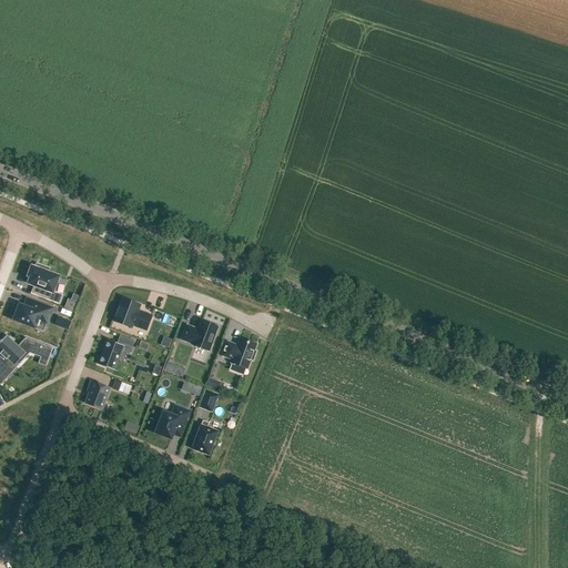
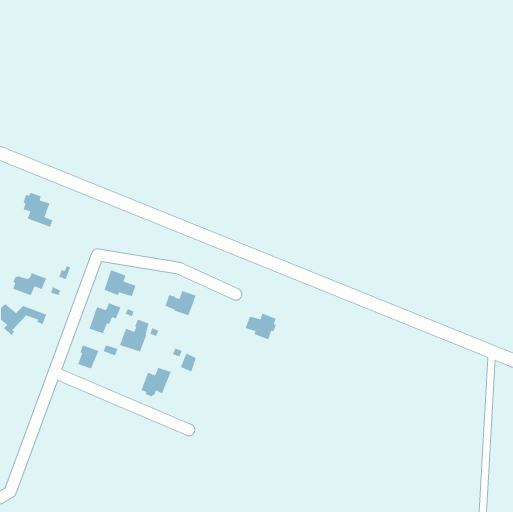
building: [28,263,62,303] -> [22,192,53,228]
building: [221,337,256,368] -> [245,312,277,341]
building: none -> [119,319,150,352]
building: [192,419,217,455] -> none

